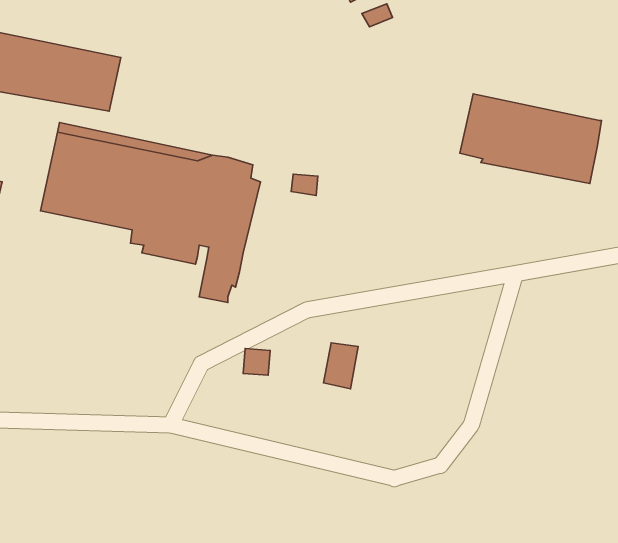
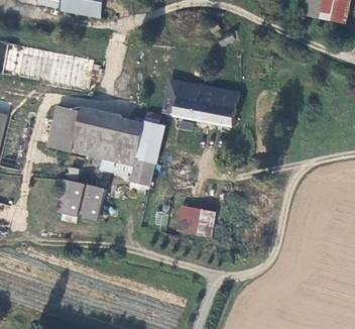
building: [460,94,601,184] -> [163,82,238,129]
building: none -> [62,177,106,217]
building: none -> [176,208,201,233]

